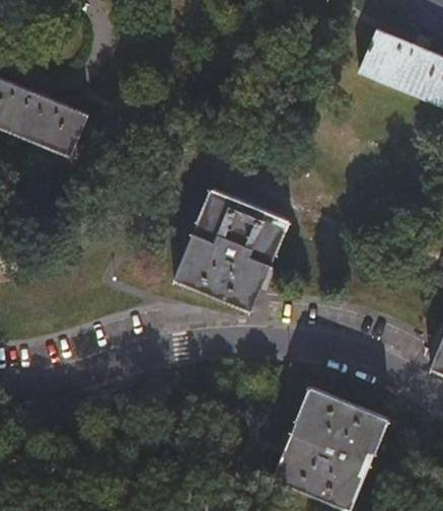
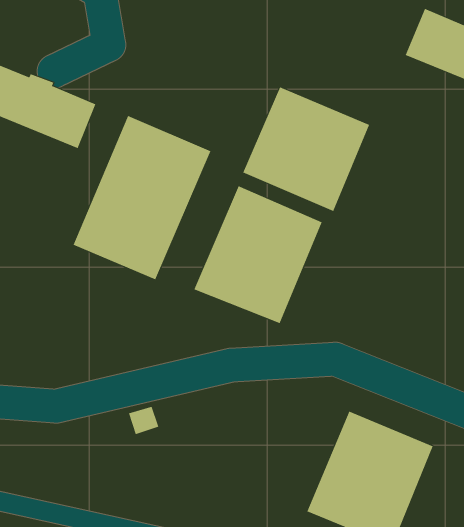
building: none -> [242,86,370,212]
building: none -> [73,115,211,280]

